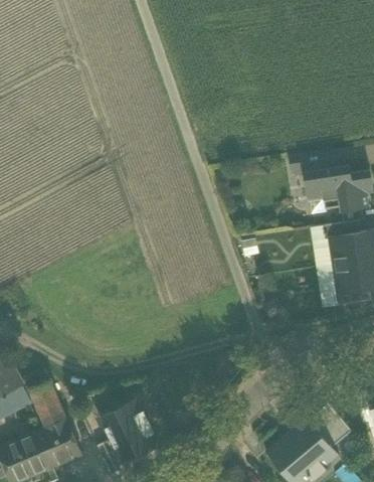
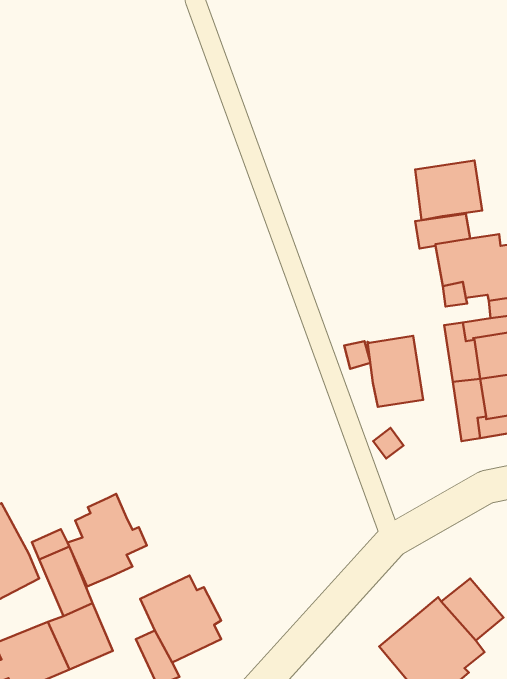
building: none -> [415,160,482,220]
building: none -> [368,336,423,407]
building: none -> [68,494,147,586]

